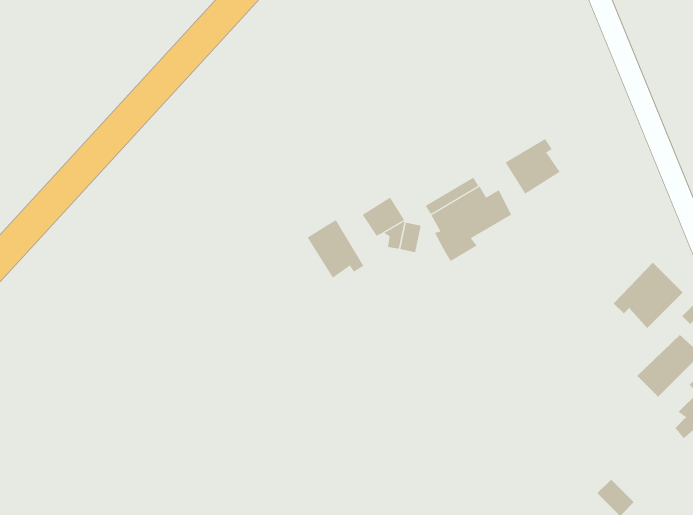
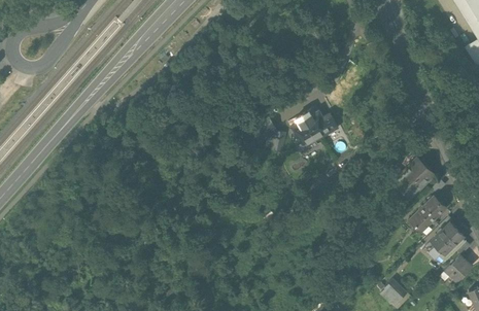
building: [505,138,561,194] -> none
building: [307,219,364,279] -> none

